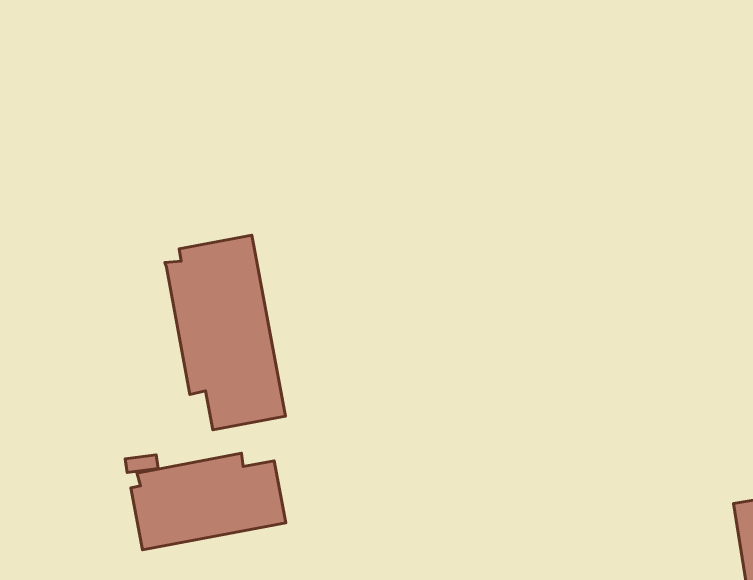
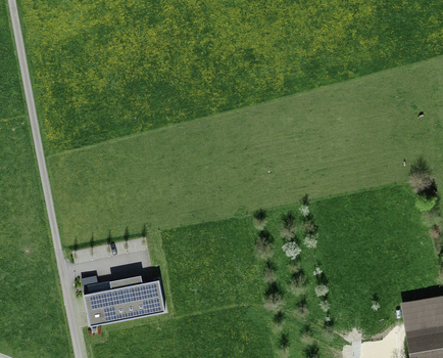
building: [165,235,285,430] -> none

